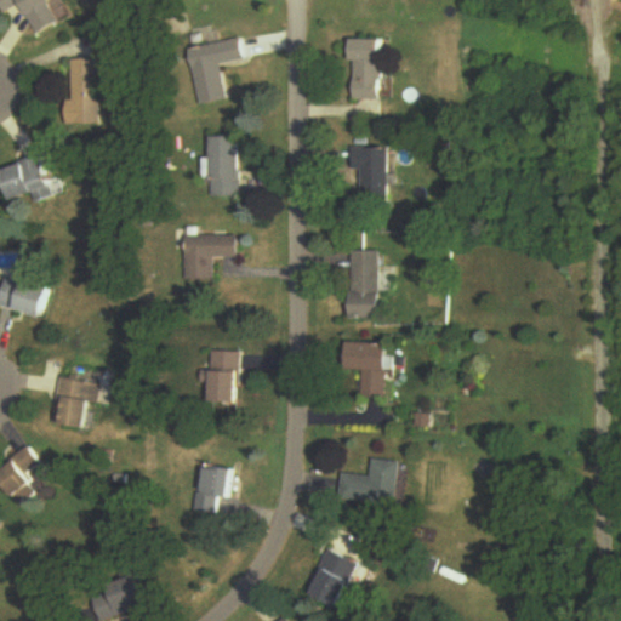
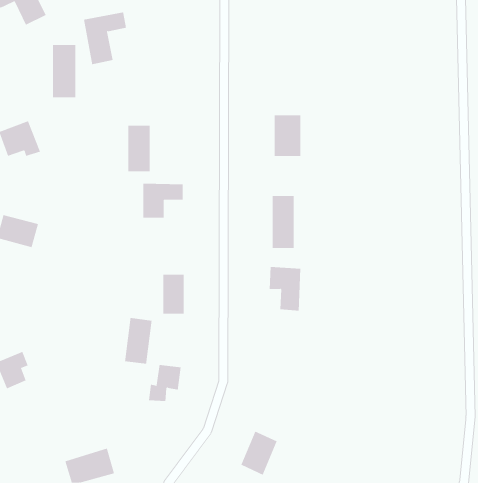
building: [184,38,240,106] -> [83,12,127,65]
building: [348,39,378,98] -> none
building: [207,136,237,195] -> [128,125,150,172]
building: [51,377,96,428] -> none
building: none -> [125,317,152,365]
building: [336,458,397,506] -> none

